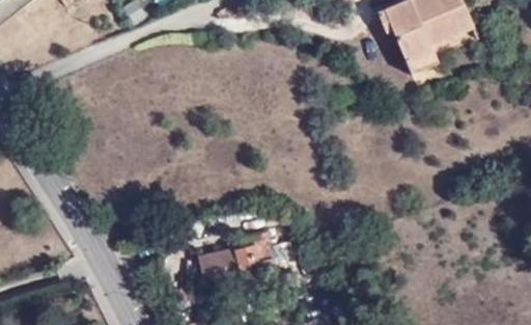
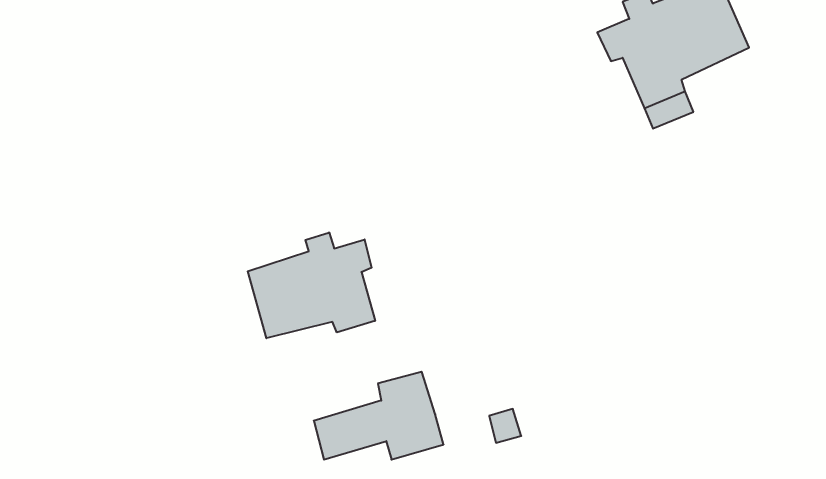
building: none -> [248,232,375,338]

